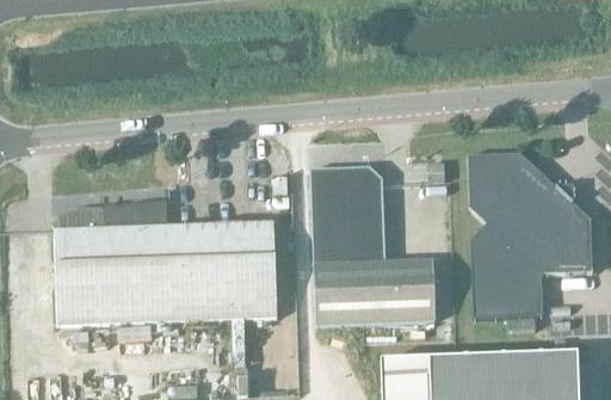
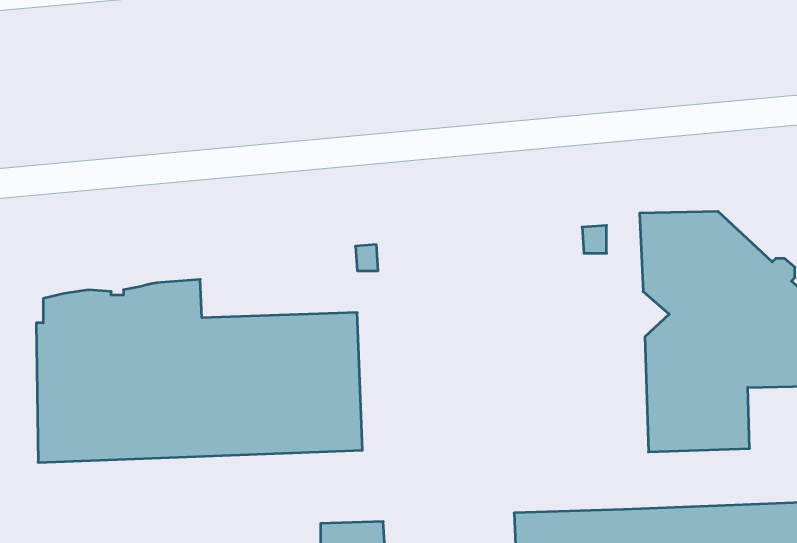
building: [310,166,436,325] -> none

